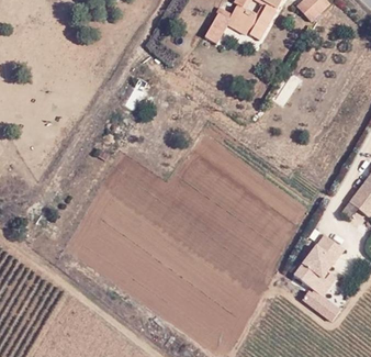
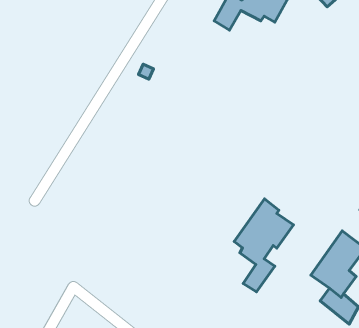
building: none -> [234,199,294,292]

